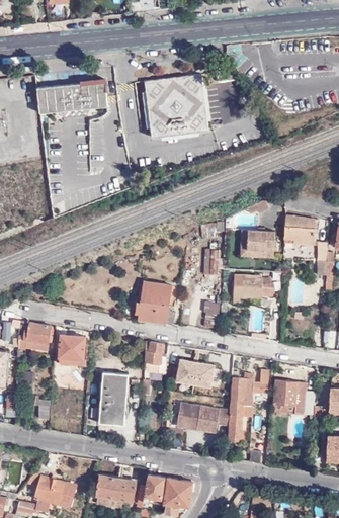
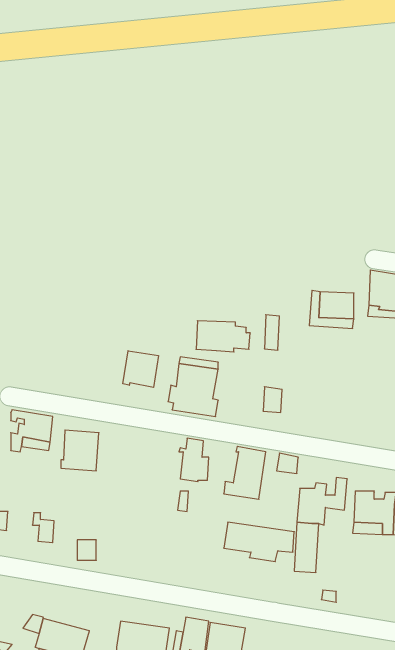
building: [146,73,209,137] -> none
building: [37,80,108,112] -> none
building: [233,274,273,297] -> [196,321,250,352]
building: none -> [123,351,158,387]
building: [100,370,129,424] -> none

